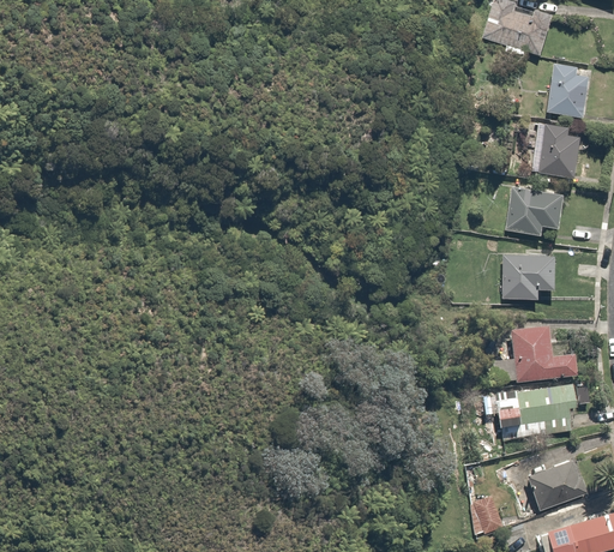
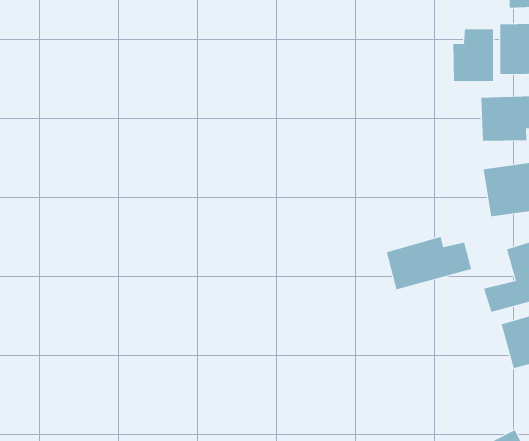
building: none -> [453,29,494,82]
building: none -> [386,236,472,290]

